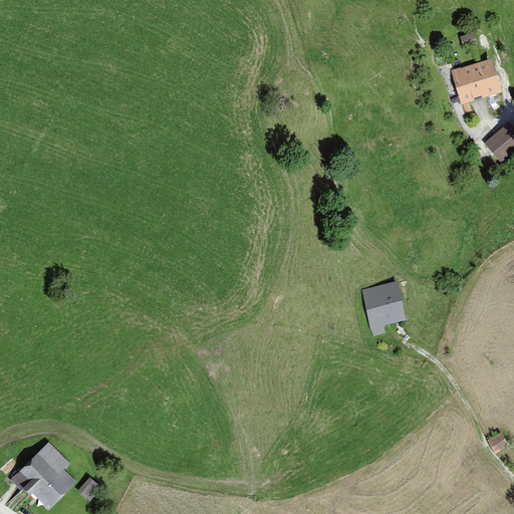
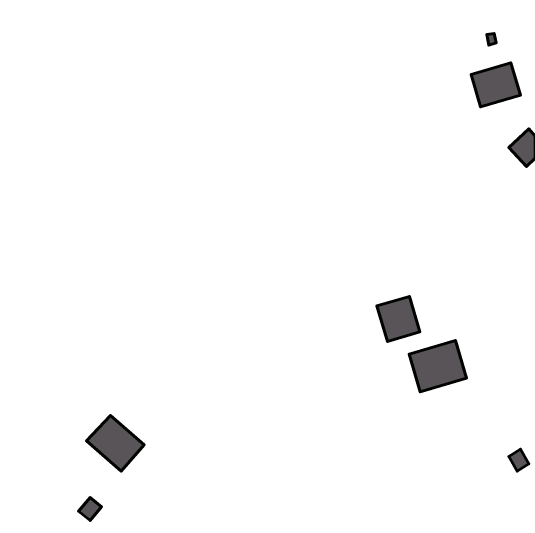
building: none -> [409,340,467,392]
building: [19,451,74,504] -> [87,416,144,471]

